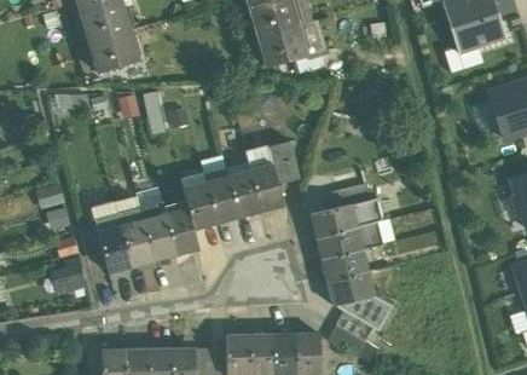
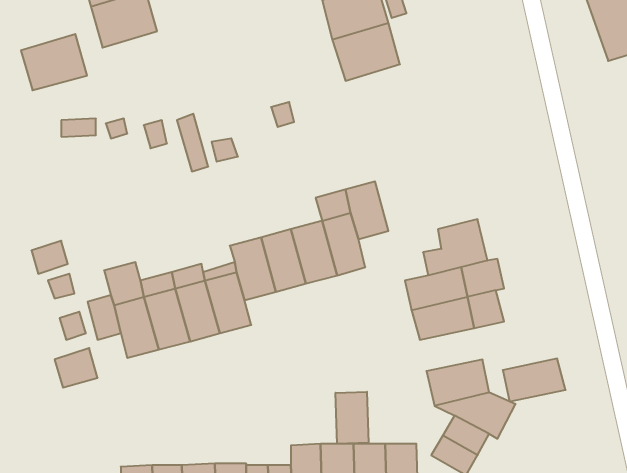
building: [89,31,138,73] -> [21,34,87,90]
building: [322,249,367,281] -> [503,359,566,401]
building: none -> [336,392,368,444]

